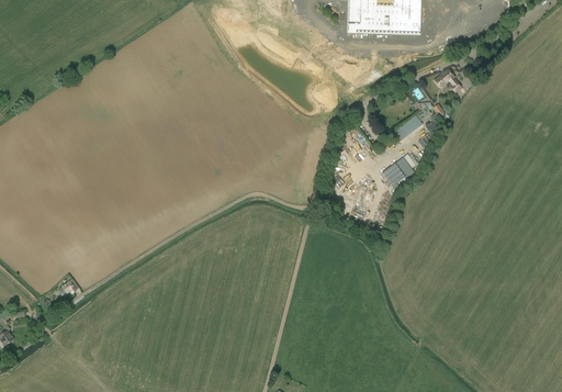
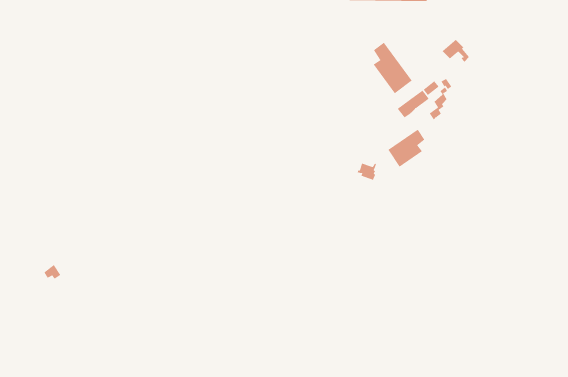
building: none -> [373,42,412,94]

